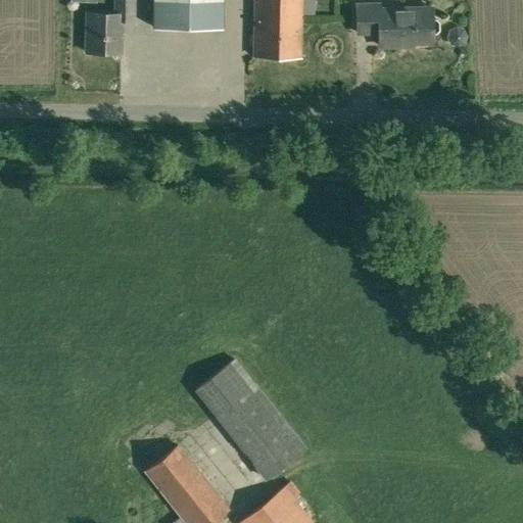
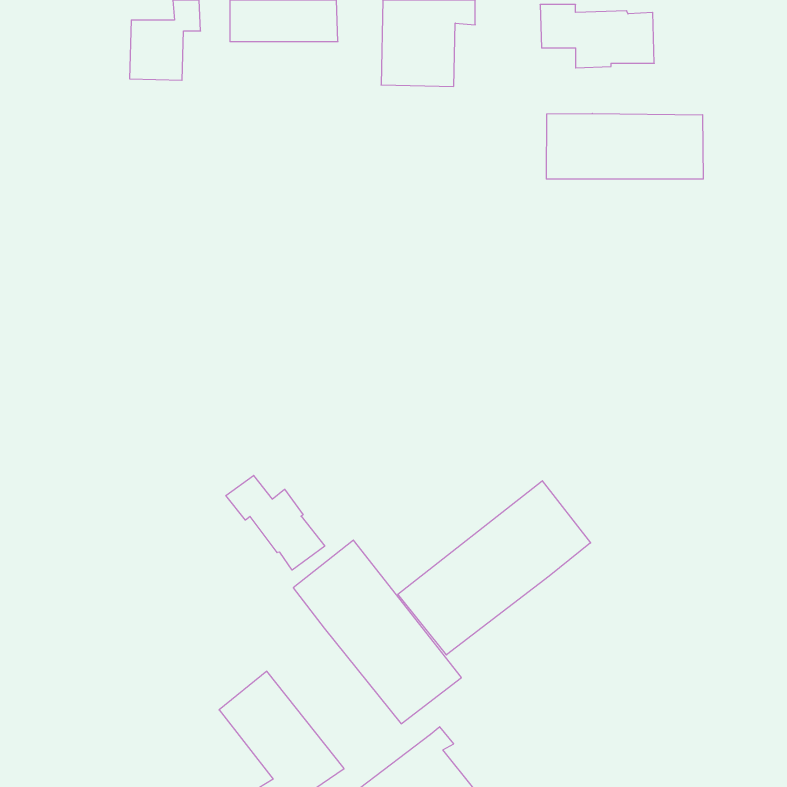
building: none -> [546,113,703,179]
building: none -> [226,475,325,570]
building: none -> [398,481,591,655]

